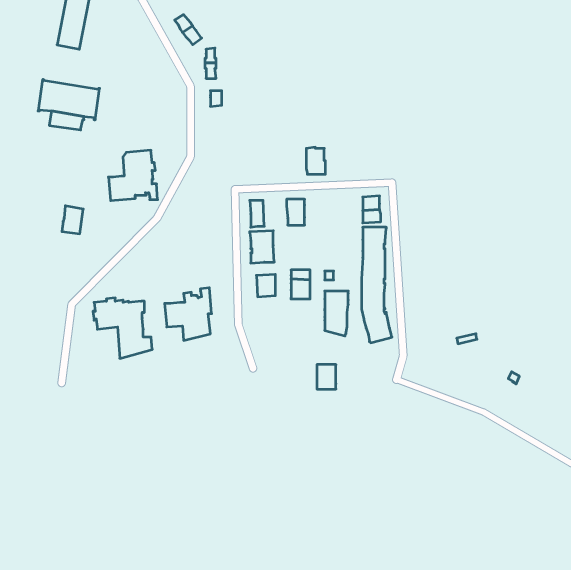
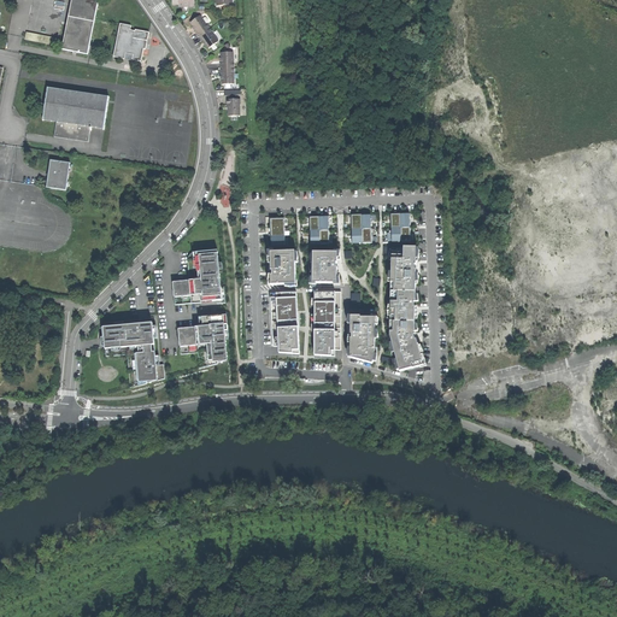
building: none -> [112,22,147,60]
building: [306,147,325,174] -> [351,212,371,241]
building: [108,150,158,201] -> [171,248,224,302]
building: [62,206,83,234] -> [46,158,69,188]
building: none -> [311,249,336,281]
building: none -> [277,325,299,352]
building: [317,365,336,389] -> [313,328,334,354]

